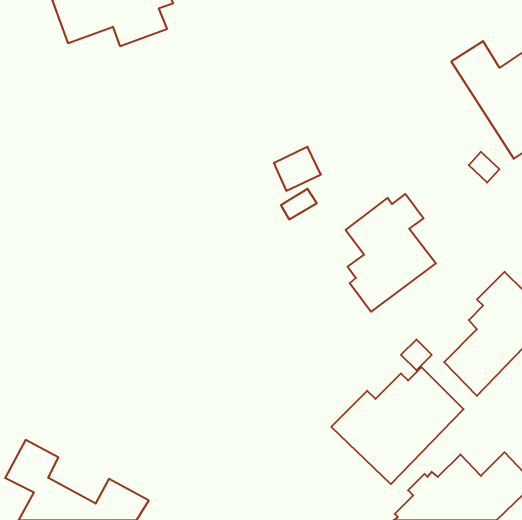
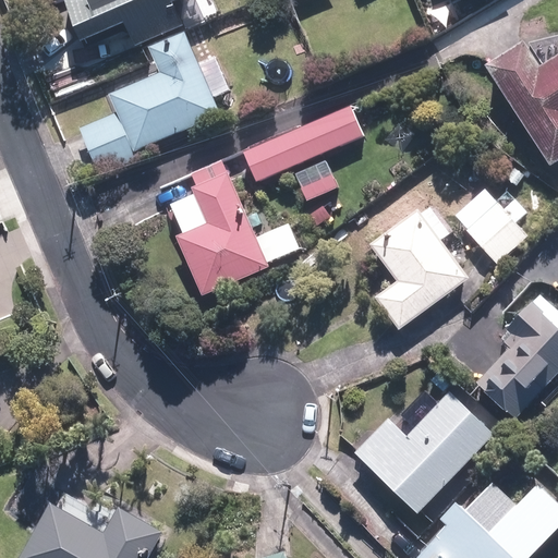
building: none -> [78,35,231,177]
building: none -> [242,105,363,183]
building: none -> [170,159,300,298]
building: none -> [456,187,532,265]

